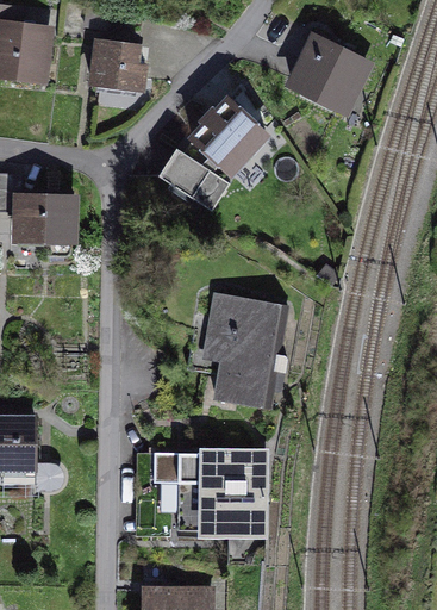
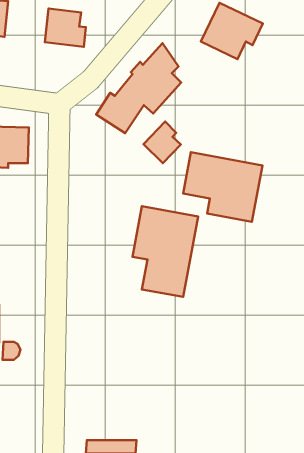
building: none -> [143,122,181,163]
building: none -> [183,152,262,222]
building: [175,453,261,533] -> none

